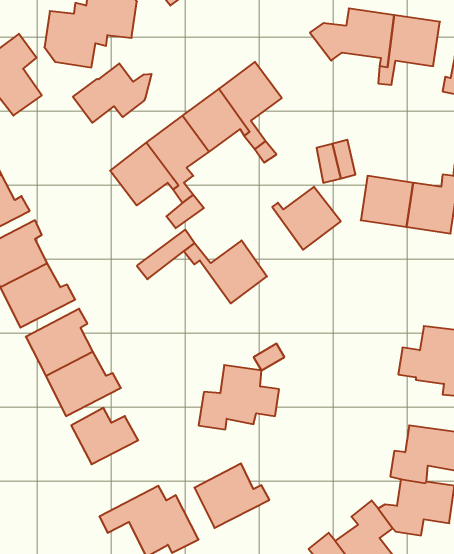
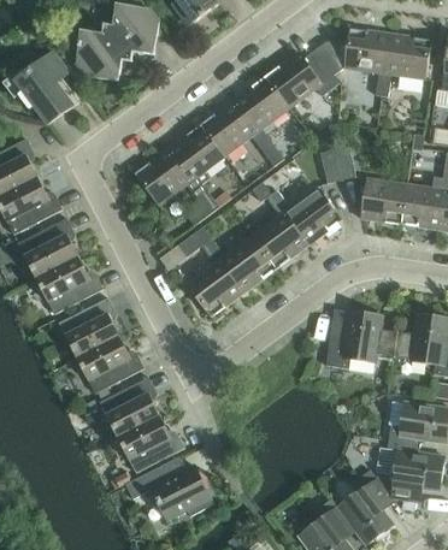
building: none -> [265,49,340,108]
building: [73,63,152,123] -> none
building: none -> [252,182,308,268]
building: none -> [187,254,243,317]
building: [199,365,279,429] -> [325,311,397,368]
building: [194,464,269,528] -> [118,415,185,473]

